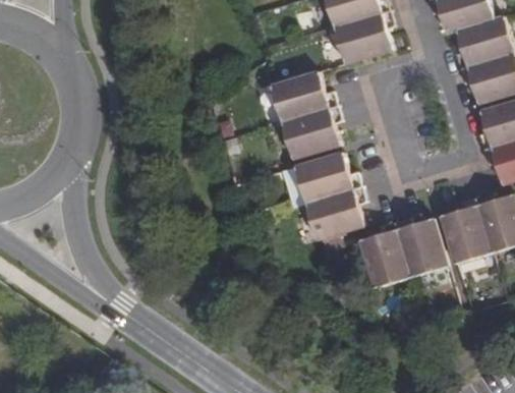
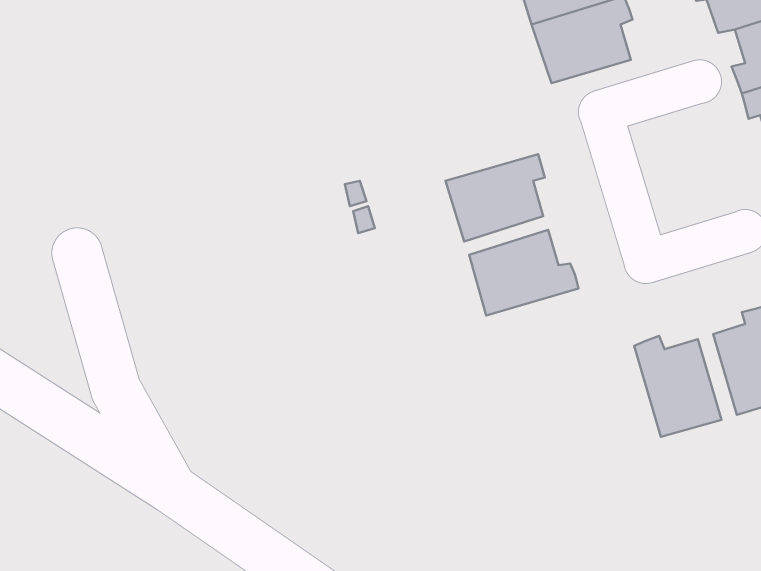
building: [272,72,337,123] -> none
building: [305,188,365,241] -> none
building: [362,223,411,289] -> none

